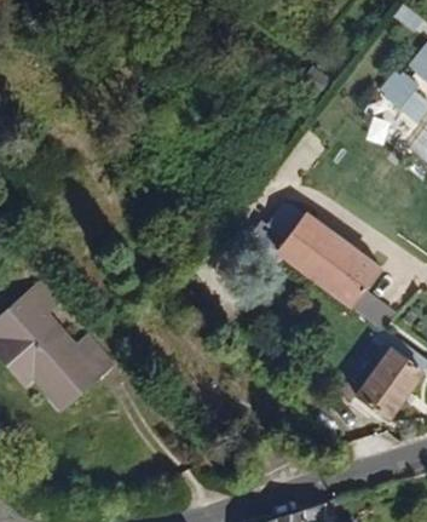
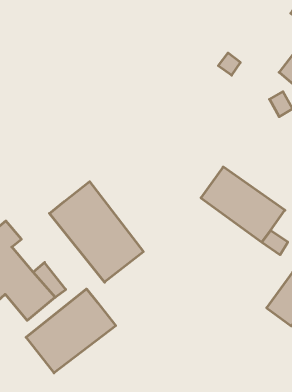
building: none -> [49,182,143,282]
building: none -> [26,289,116,373]

